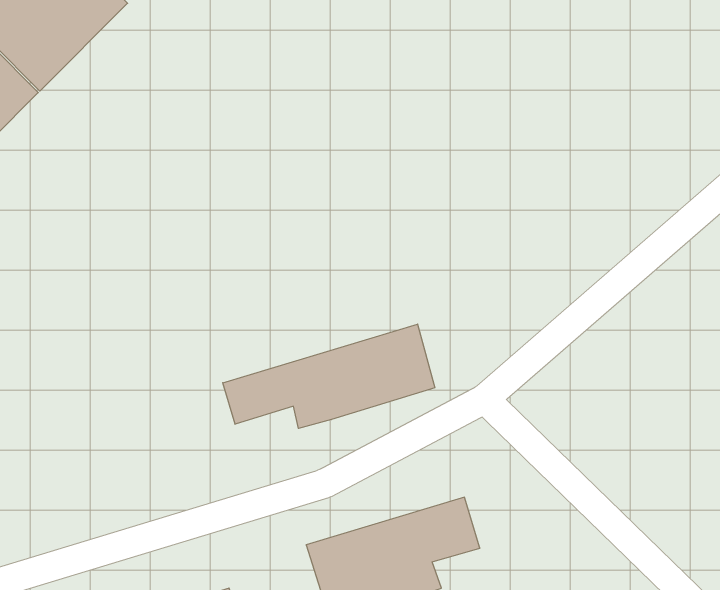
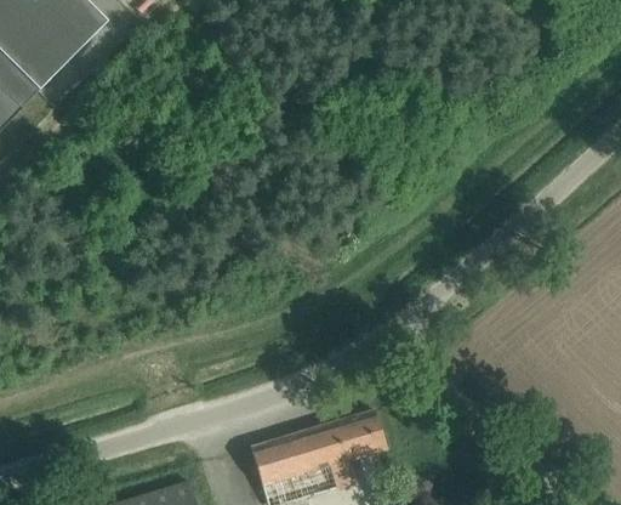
building: [223,324,435,428] -> none

